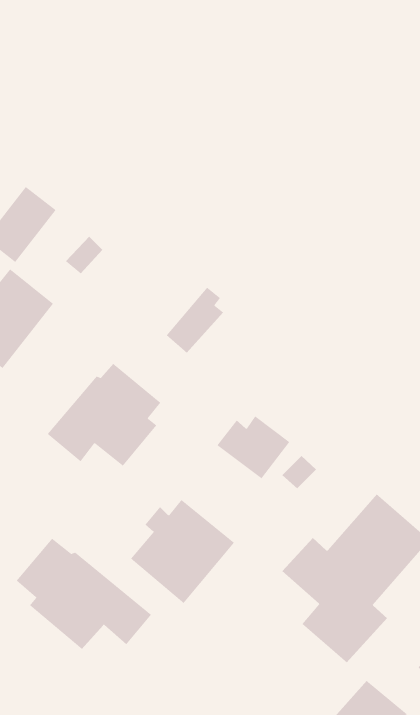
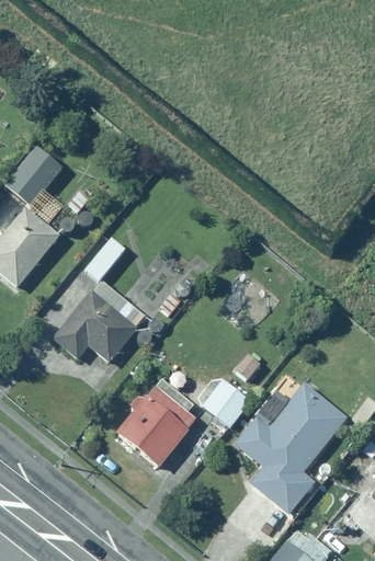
building: [166,287,224,353] -> [82,232,127,284]
building: [217,415,290,479] -> [194,378,251,427]
building: [16,538,152,650] -> none

